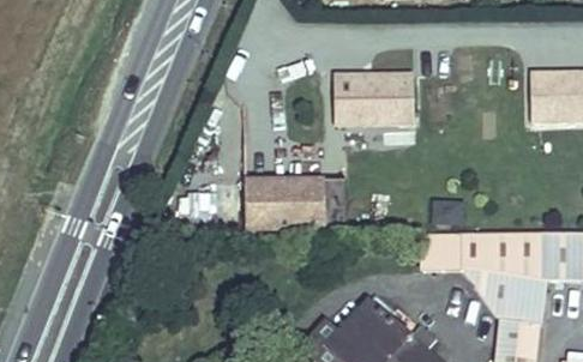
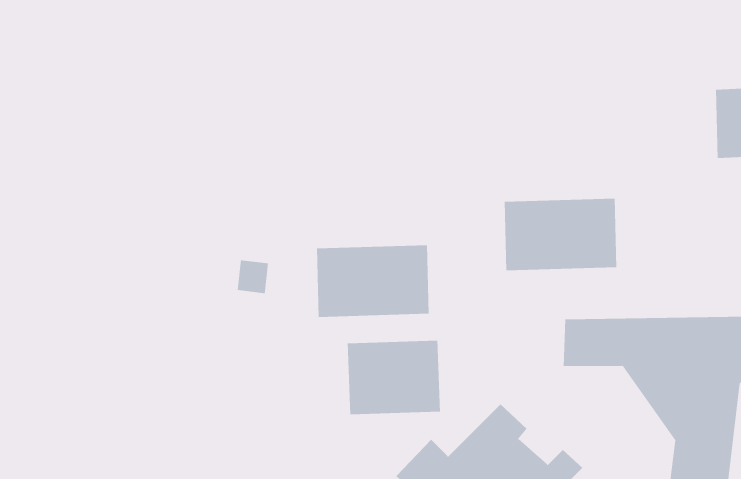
building: [333,73,414,125] -> [504,198,617,271]
building: none -> [347,340,440,415]

